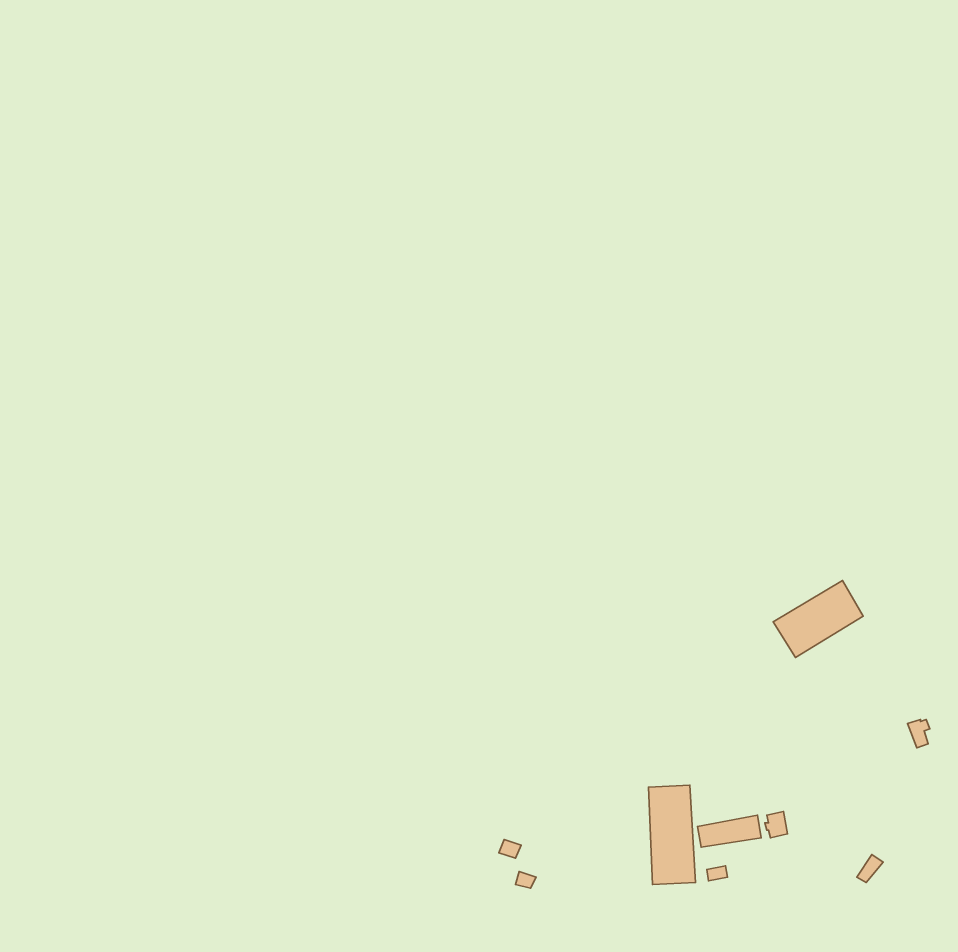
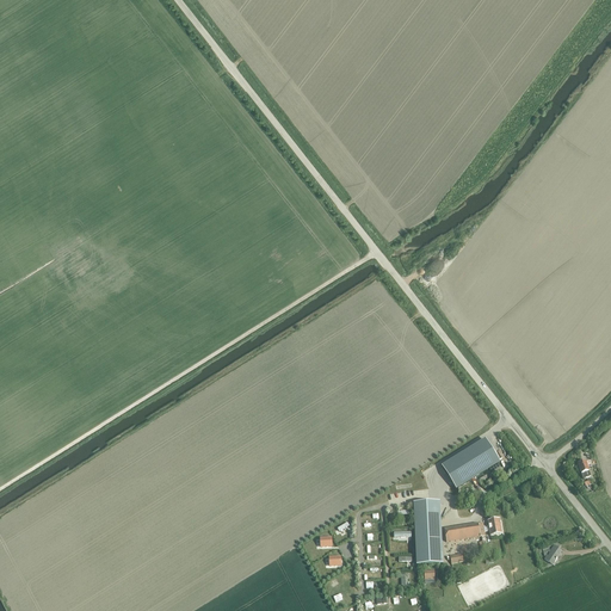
building: [773,581,863,657] -> [442,437,499,486]

